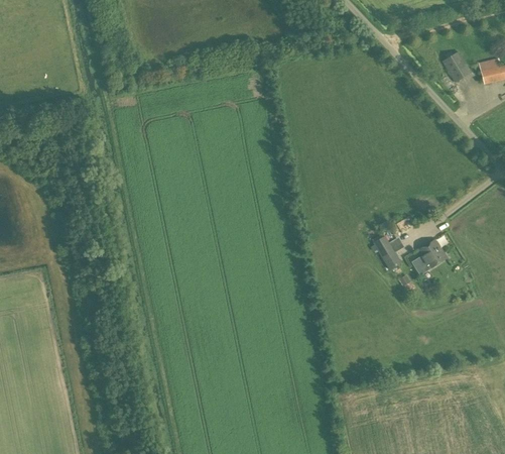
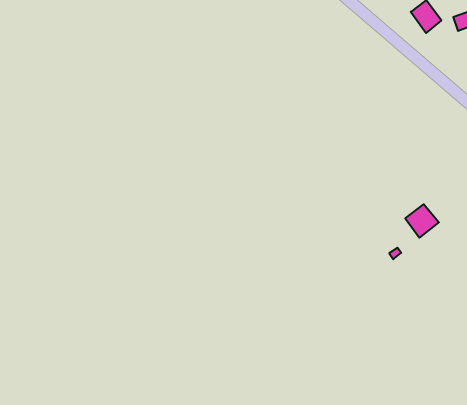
building: [372,234,400,268] -> none

